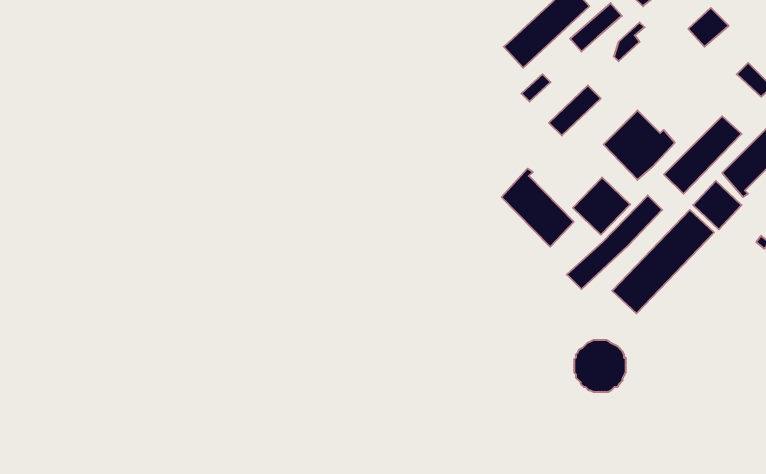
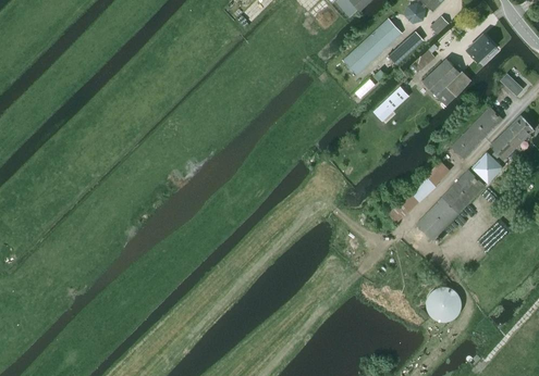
building: [604,110,675,180] -> [422,59,470,105]
building: [502,169,574,247] -> none
building: [573,177,630,235] -> none
building: [574,340,626,392] -> [426,287,461,322]

